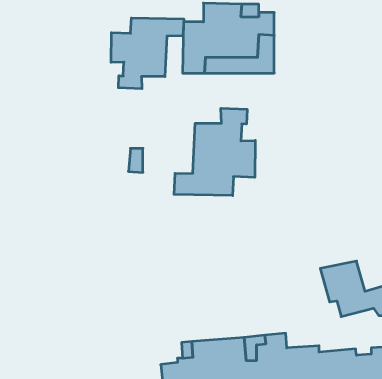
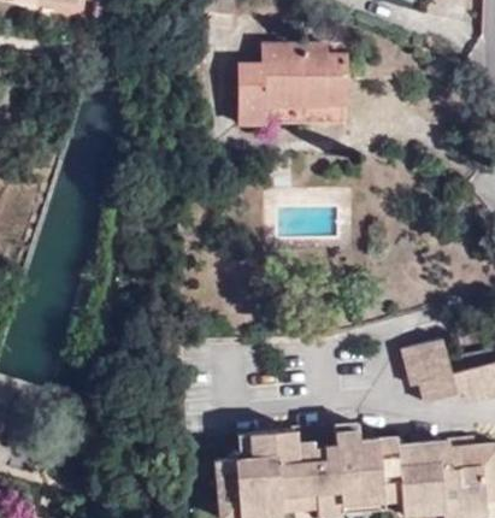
building: [111,18,184,89] -> none
building: [174,108,255,196] -> none

